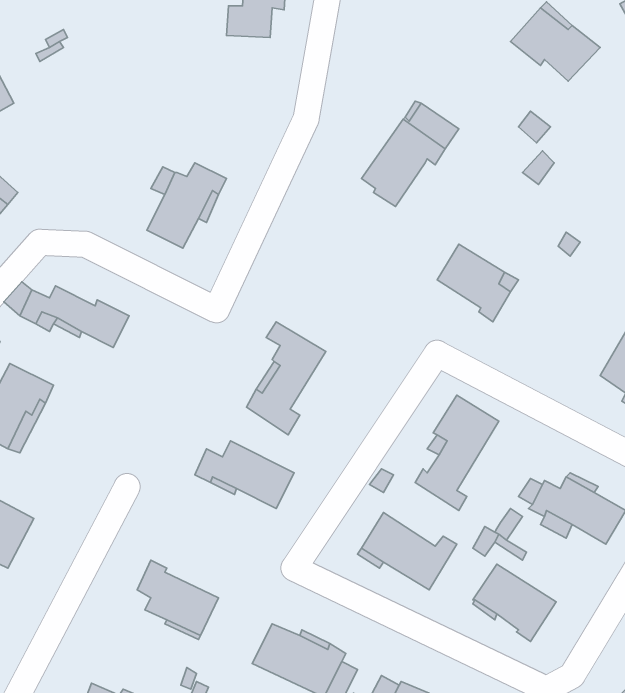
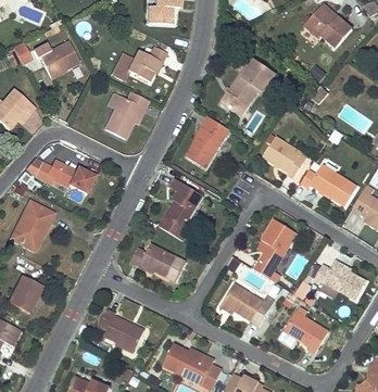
building: none -> [33,41,79,77]
building: none -> [111,46,167,81]
building: none -> [185,116,228,167]
building: none -> [300,164,356,205]

